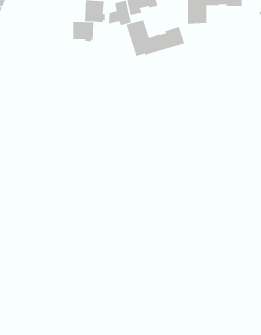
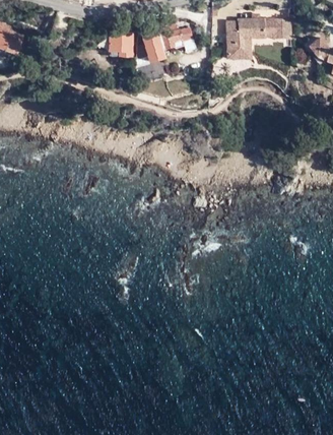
building: [126,19,185,57] -> none
building: [73,21,94,42] -> none

